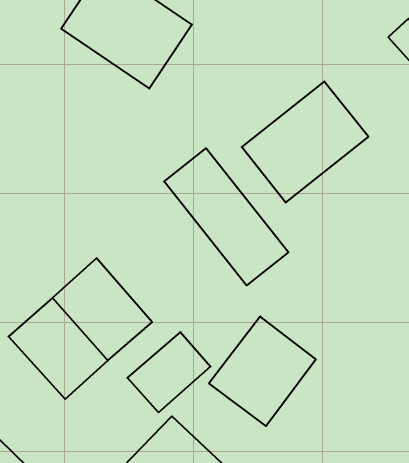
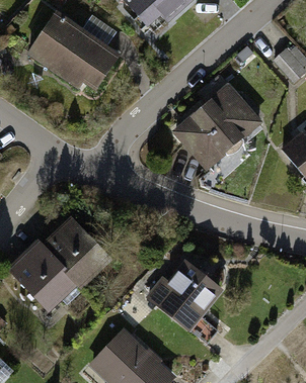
building: [164,148,288,285] -> none
building: [127,332,211,412] -> none

